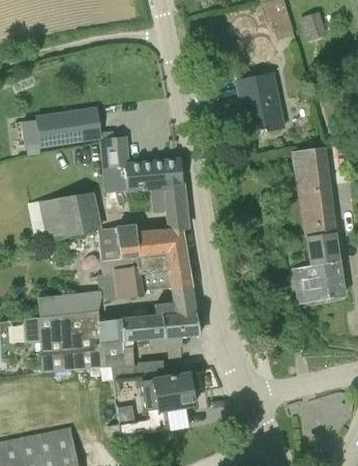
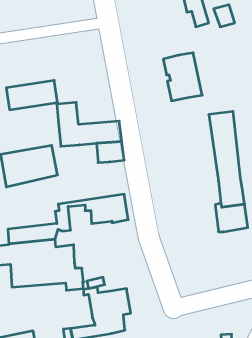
building: [98,224,187,259] -> none
building: [115,266,145,298] -> none
building: [122,285,200,340] -> none

